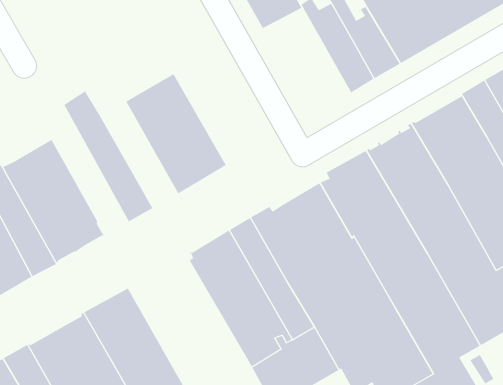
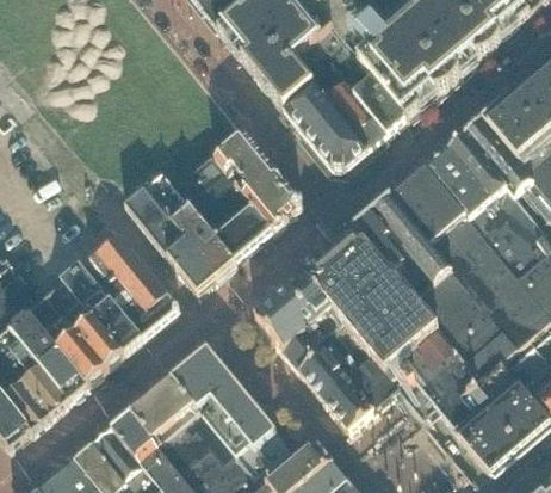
building: none -> [281,82,366,168]
building: none -> [212,134,296,228]
building: none -> [146,171,234,276]

